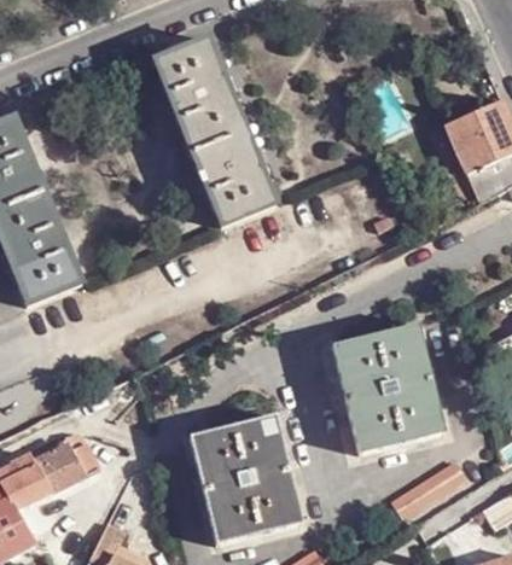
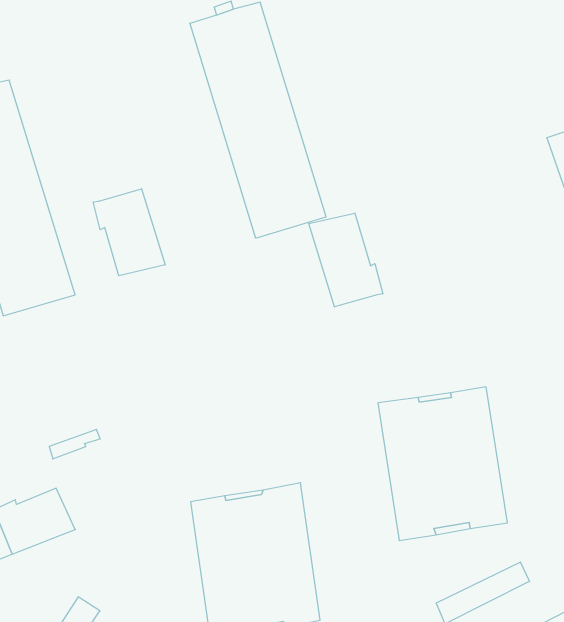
building: none -> [93,189,165,276]
building: none -> [309,213,383,307]

